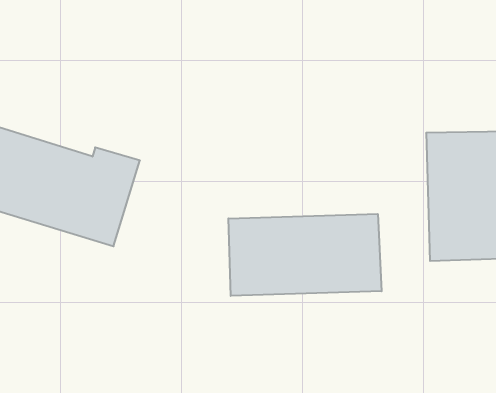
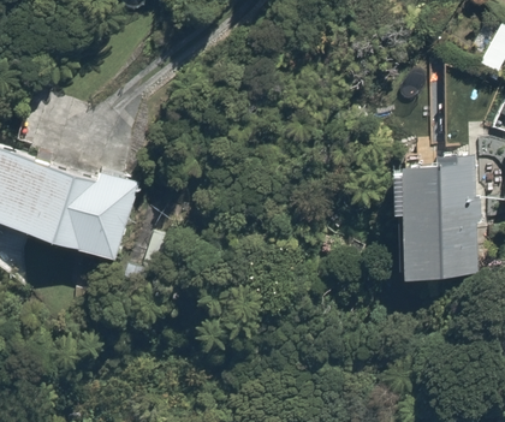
building: [228,214,382,296] -> none

